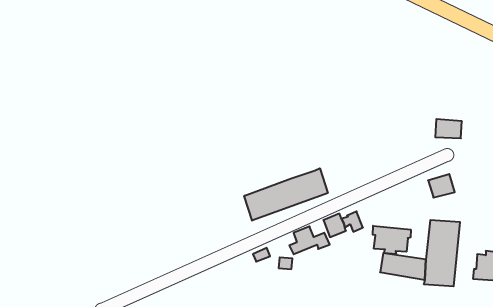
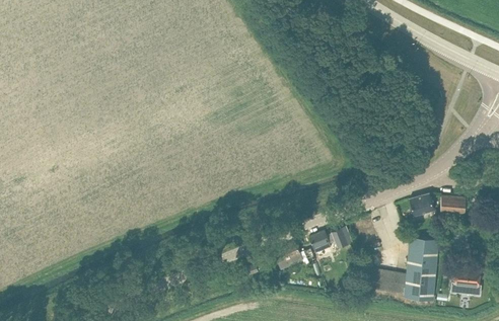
building: [435,119,462,138] -> [440,194,466,213]
building: [244,168,328,221] -> none
building: [373,226,411,254] -> none

